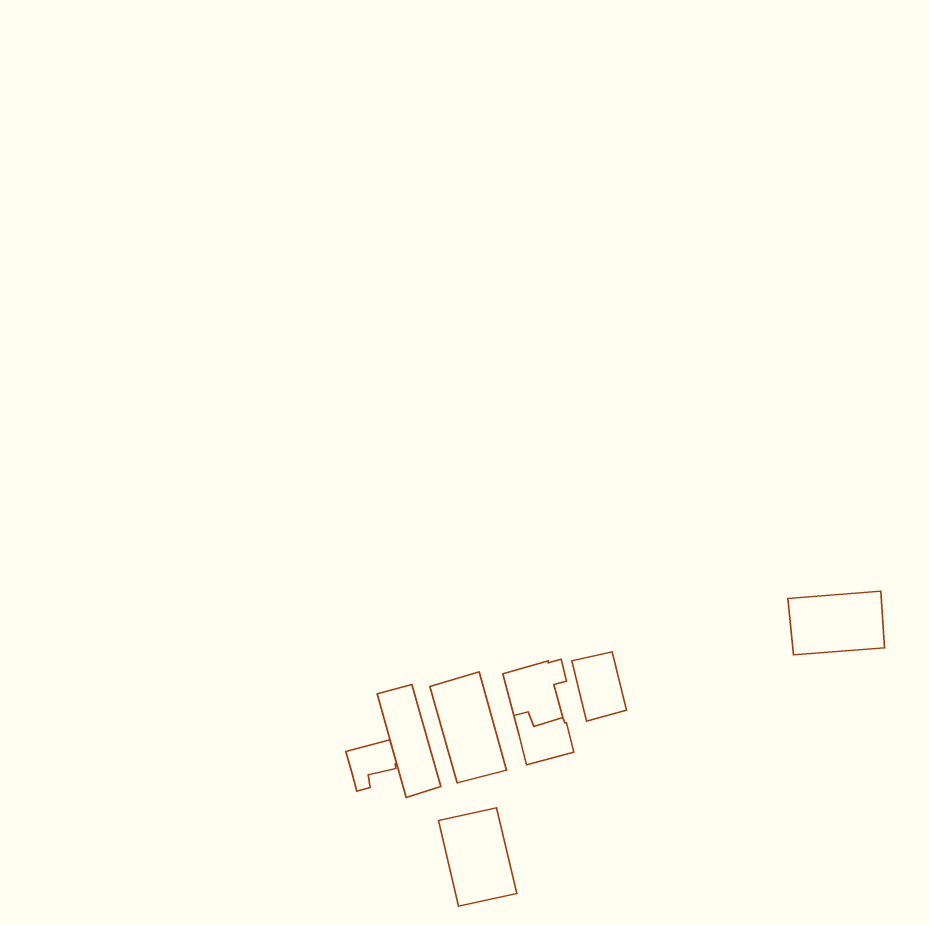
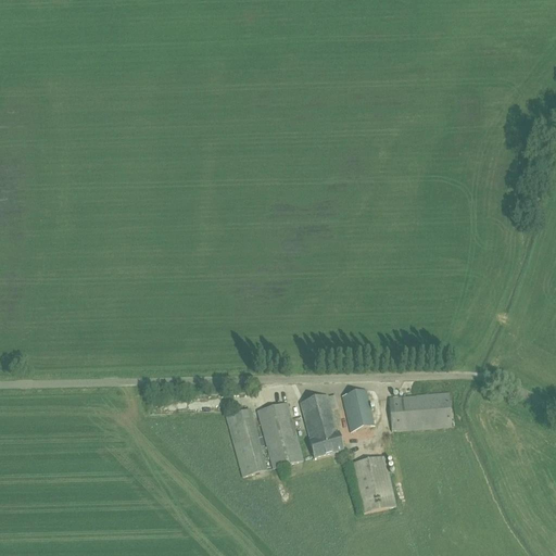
building: [788,591,884,655] -> [392,391,450,429]
building: [346,740,397,791] -> none
building: [438,808,517,906] -> [349,454,395,513]

